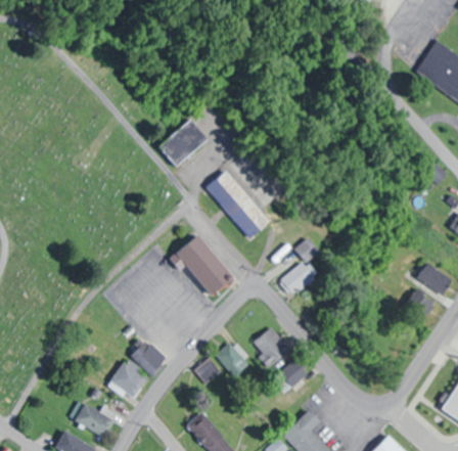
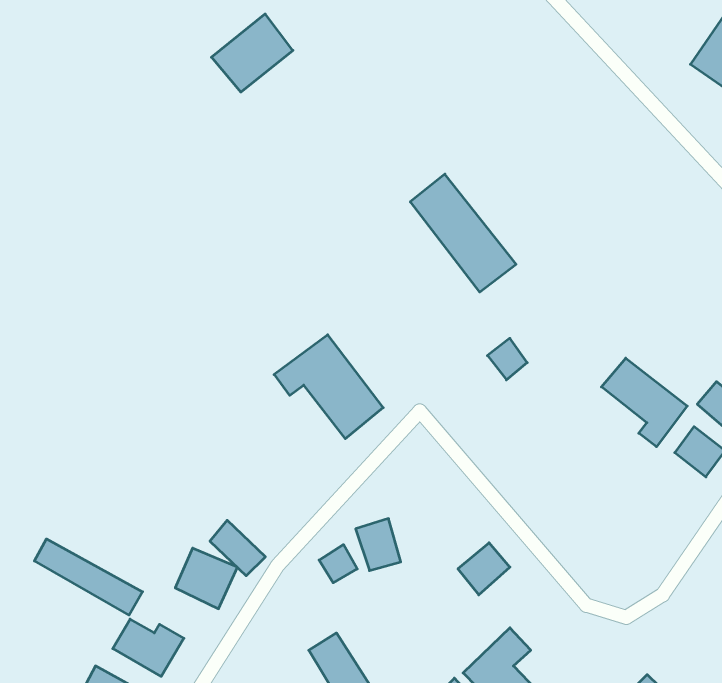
building: [159,120,208,166] -> [211,14,293,92]
building: [207,170,269,239] -> [410,174,516,292]
building: none -> [601,358,687,447]
building: [280,261,315,296] -> none
building: [249,326,290,368] -> none
building: none -> [34,539,143,615]

